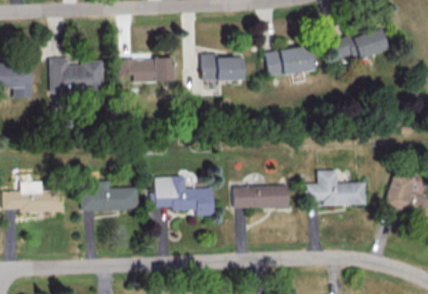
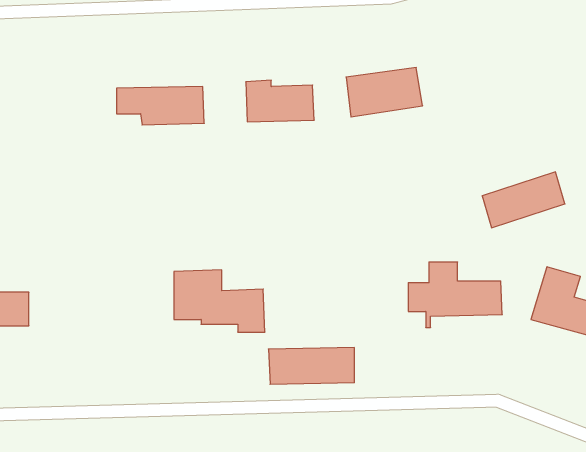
building: [334,27,387,62] -> [482,172,565,228]
building: [49,57,103,92] -> none
building: [82,180,138,210] -> none
building: [233,184,289,208] -> [268,348,354,384]

